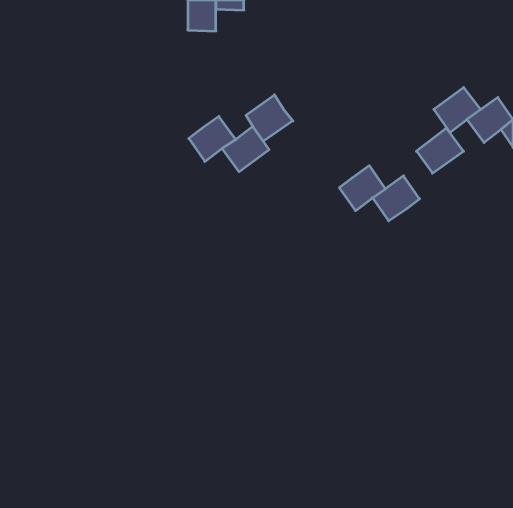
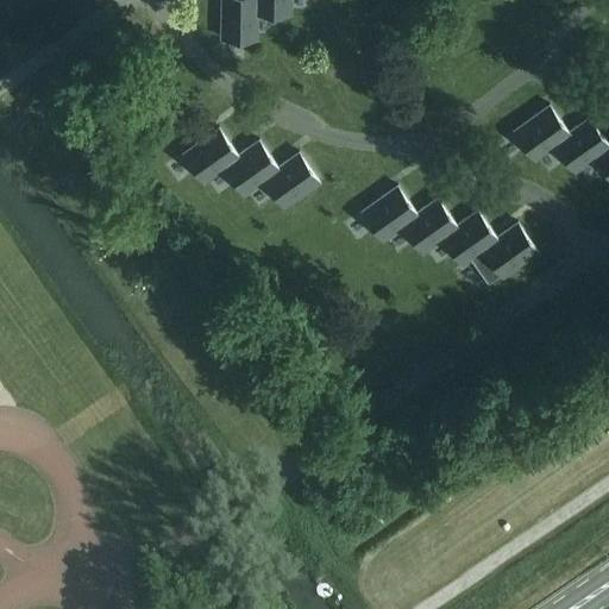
building: [246,95,293,141] -> none
building: none -> [183,132,239,184]
building: [416,128,464,173] -> [482,226,538,280]
building: none -> [362,190,417,243]

